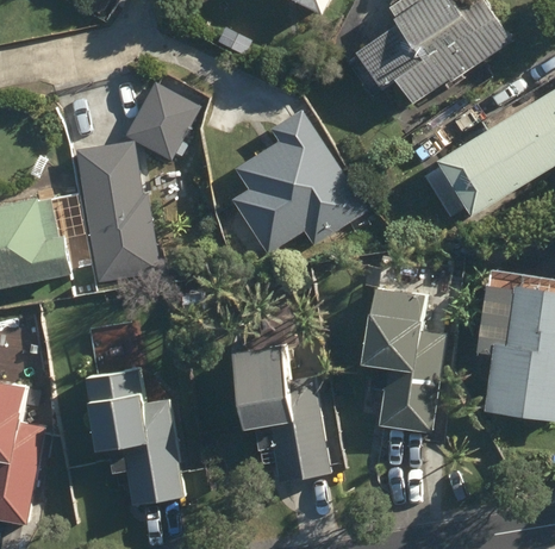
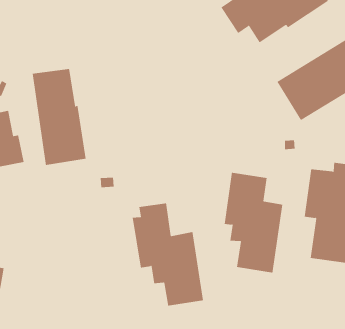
building: [131,80,204,156] -> none
building: [236,108,369,252] -> none
building: [82,354,185,507] -> none

